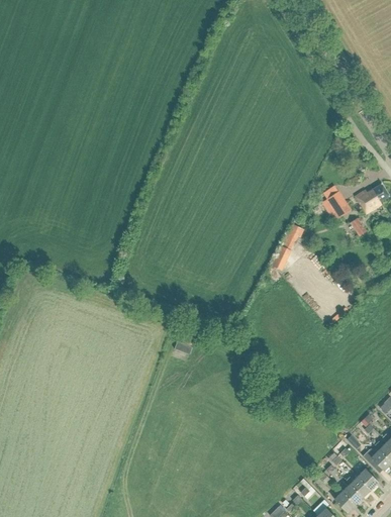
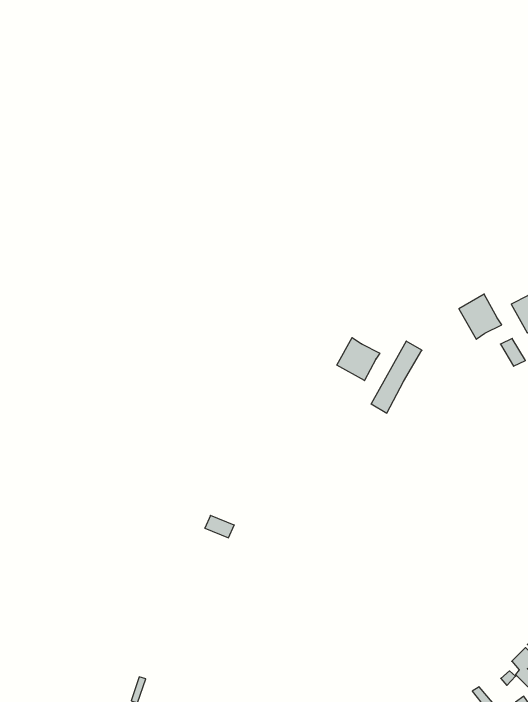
building: none -> [337,338,380,381]

